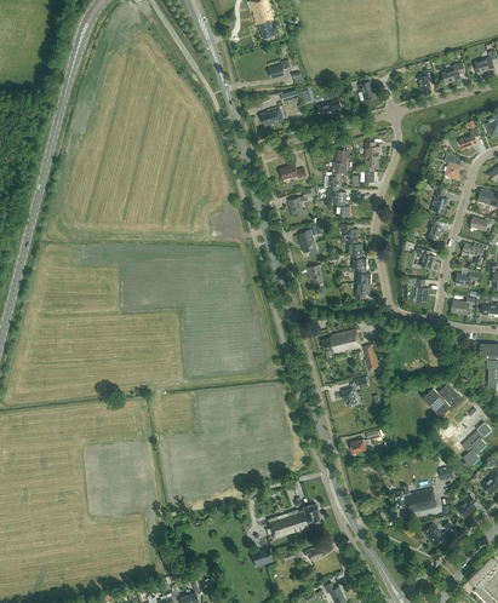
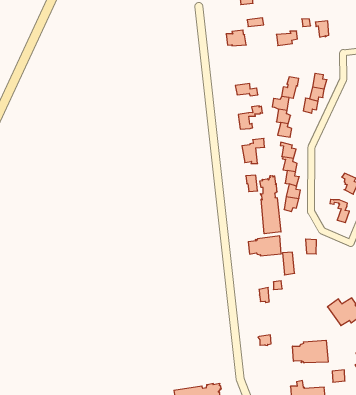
building: none -> [260,176,281,234]
building: none -> [293,340,328,363]

